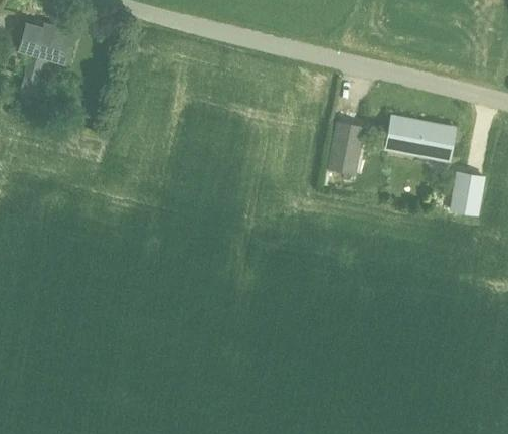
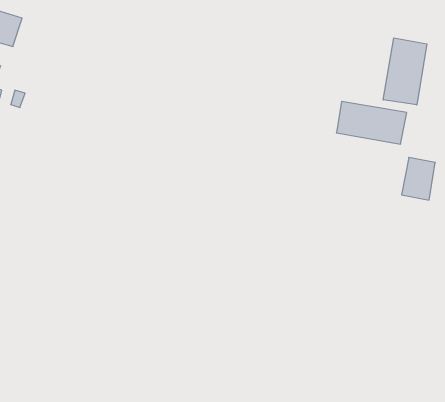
building: none -> [383,38,427,105]
building: [326,121,364,173] -> none

